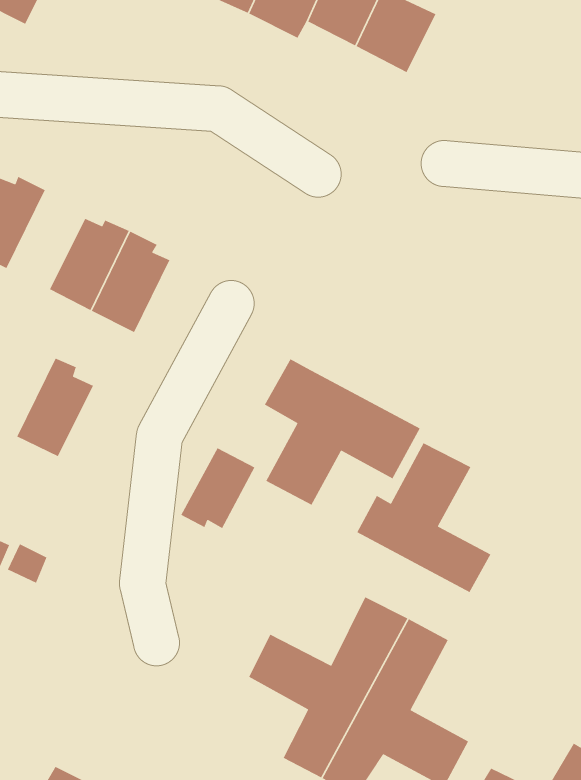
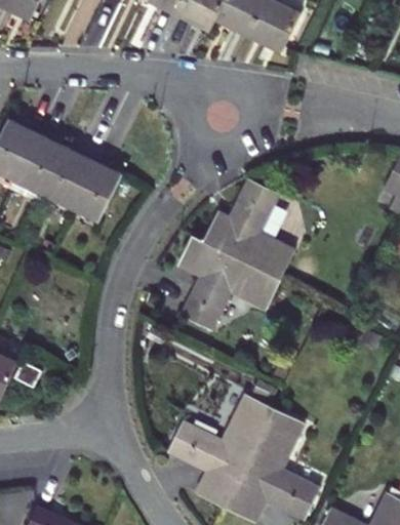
building: [16,357,94,457] -> [9,126,61,192]
building: [356,442,492,593] -> [207,184,296,283]
building: [180,447,256,529] -> none

